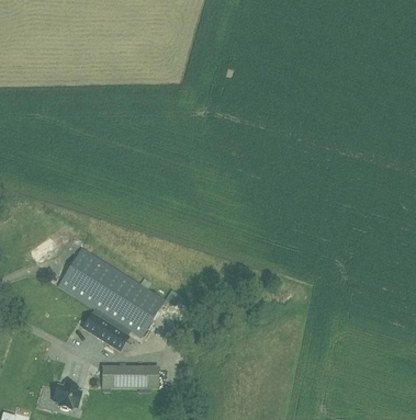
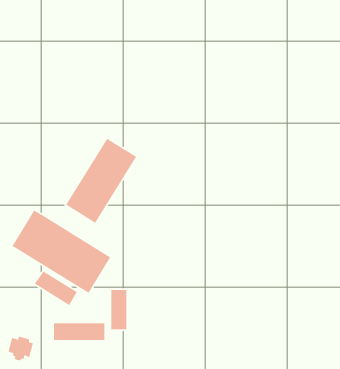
building: none -> [65,138,137,224]
building: none -> [111,289,127,330]

